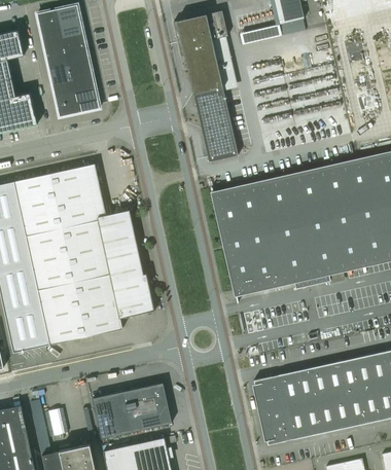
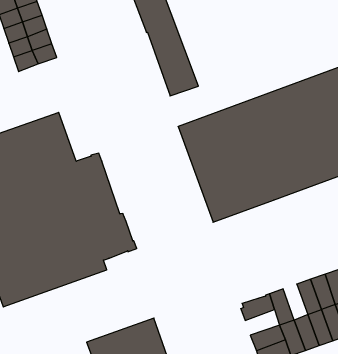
building: [297,367,319,403] -> none
building: [255,390,289,412] -> none

